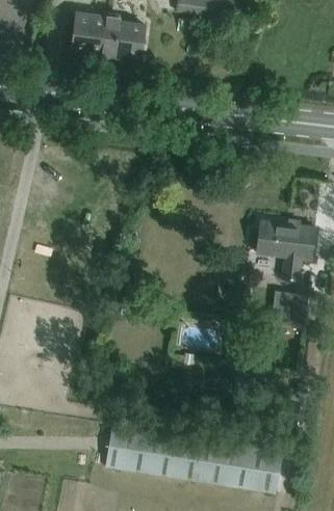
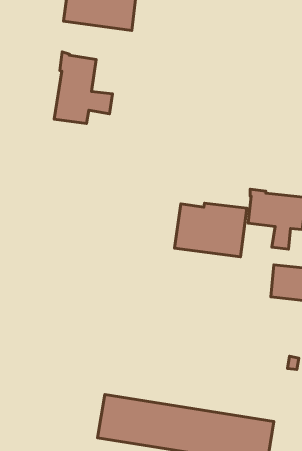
building: none -> [54,52,112,124]
building: none -> [174,203,247,257]

